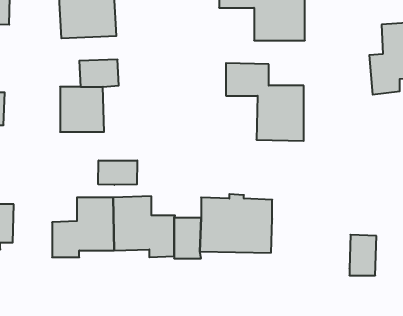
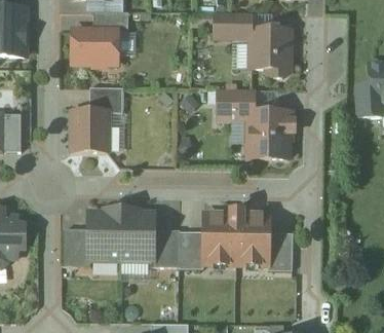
building: [98,160,137,185] -> none
building: [349,235,376,275] -> [263,231,287,268]

